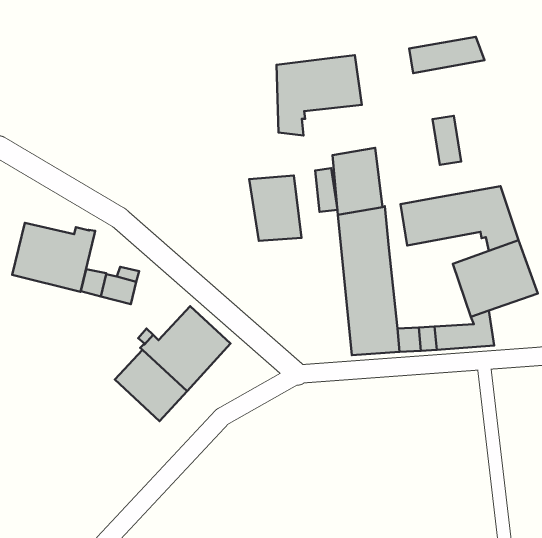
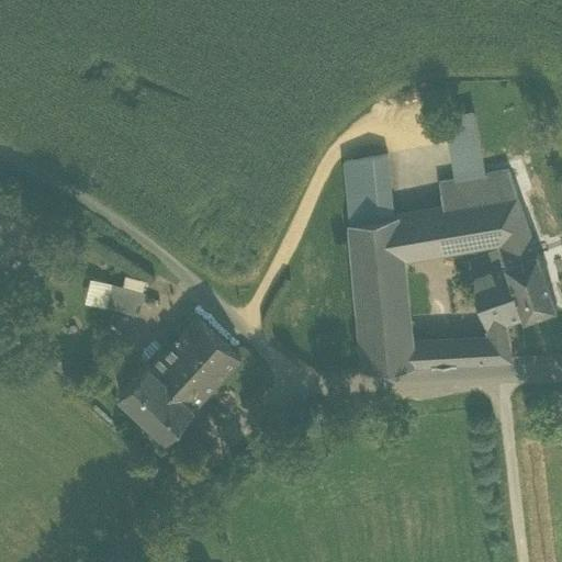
building: [409,37,484,73] -> [439,173,517,211]
building: [277,55,362,136] -> none
building: [315,168,338,212] -> [397,216,420,261]
building: [249,175,302,241] -> none
building: [12,223,95,292] -> none

